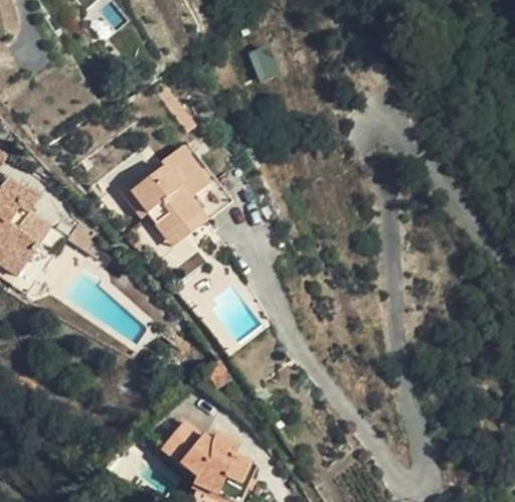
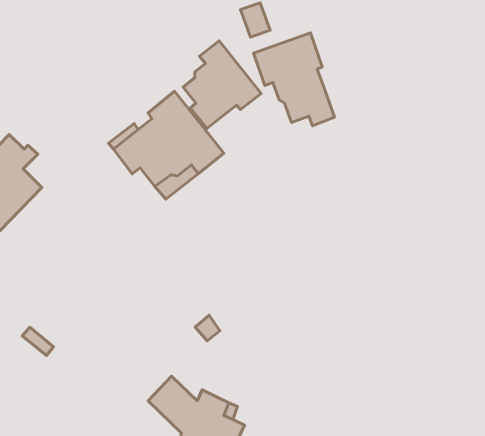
building: none -> [253,33,334,126]
building: none -> [183,41,261,128]

